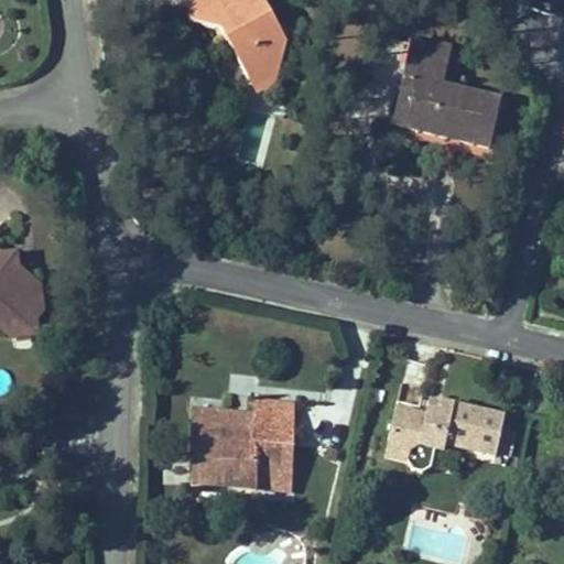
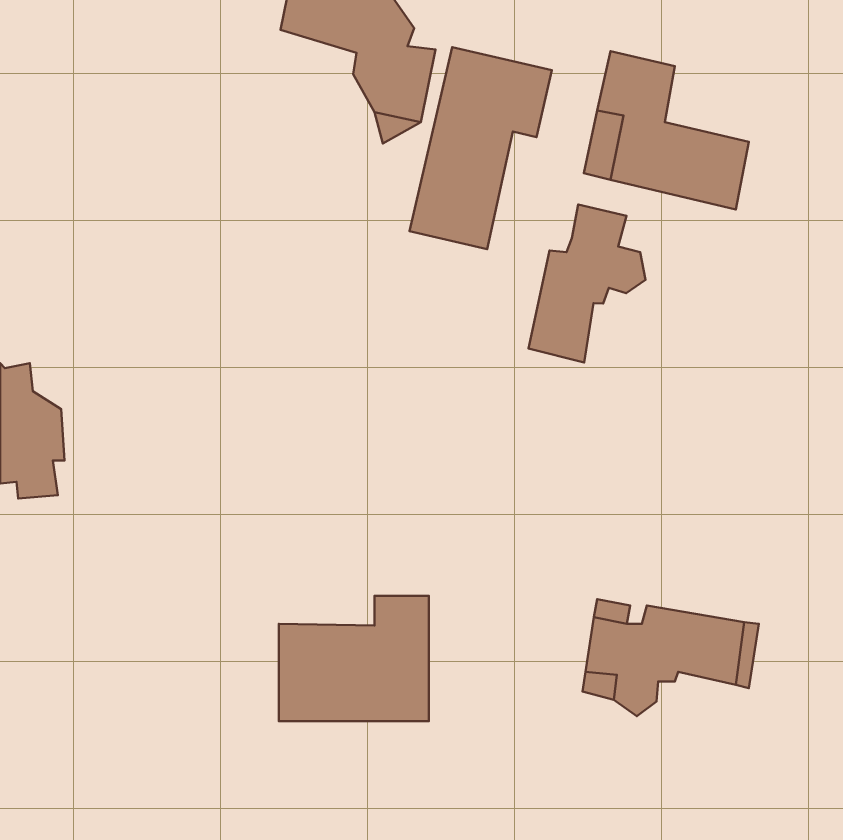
building: none -> [410,47,552,249]
building: none -> [529,205,646,363]

